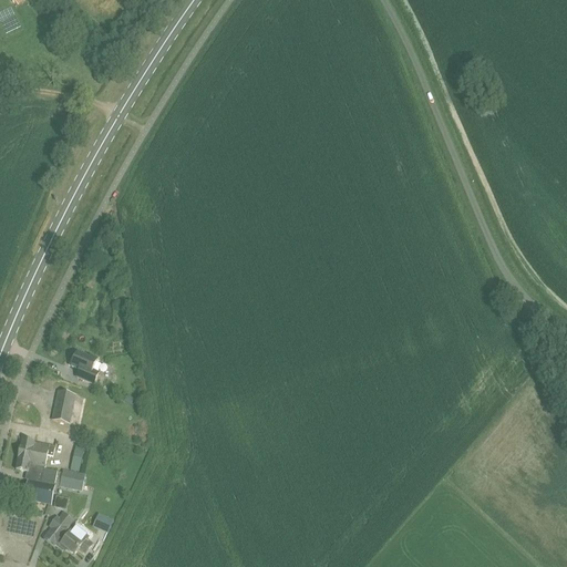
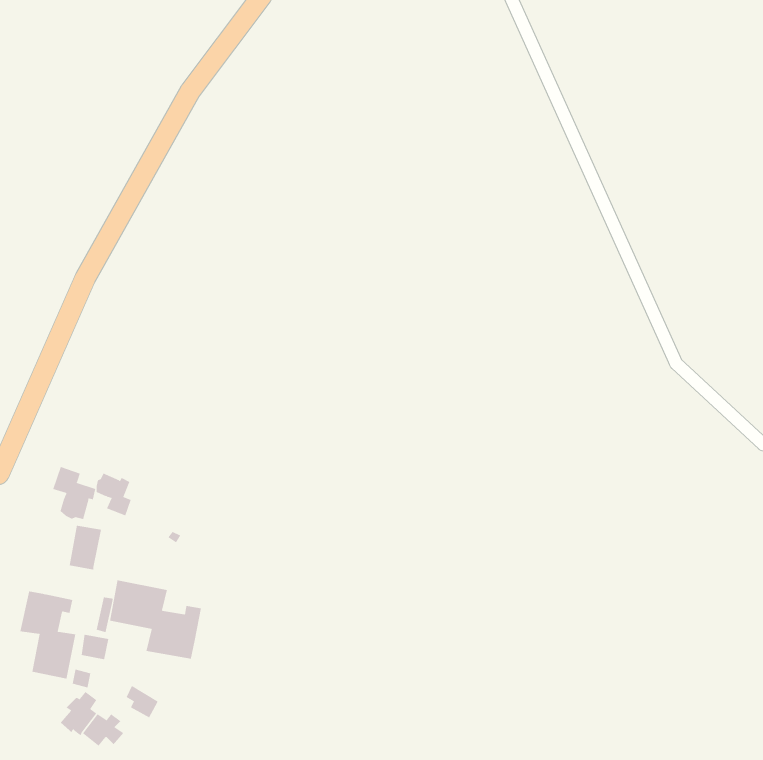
building: none -> [53,466,96,520]
building: none -> [109,580,201,659]

